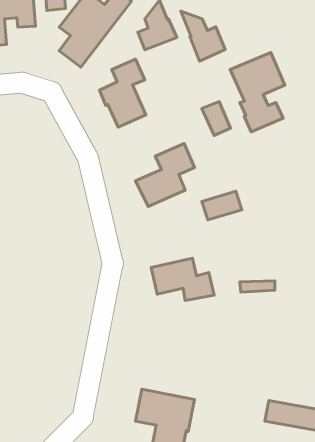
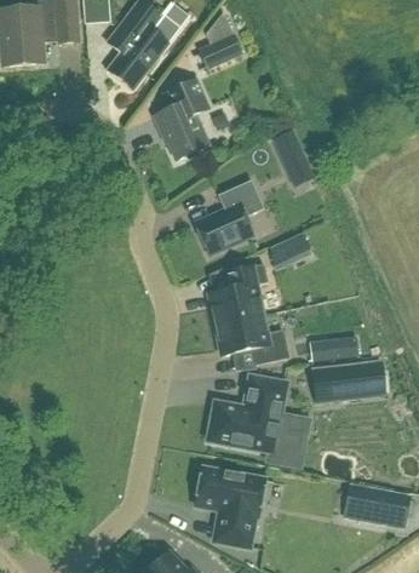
building: [181,11,225,61] -> none
building: [230,52,285,132] -> none
building: none -> [207,263,266,323]
building: none -> [314,361,385,397]
building: none -> [208,373,308,459]

